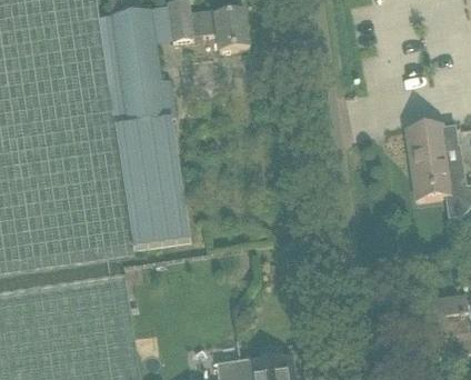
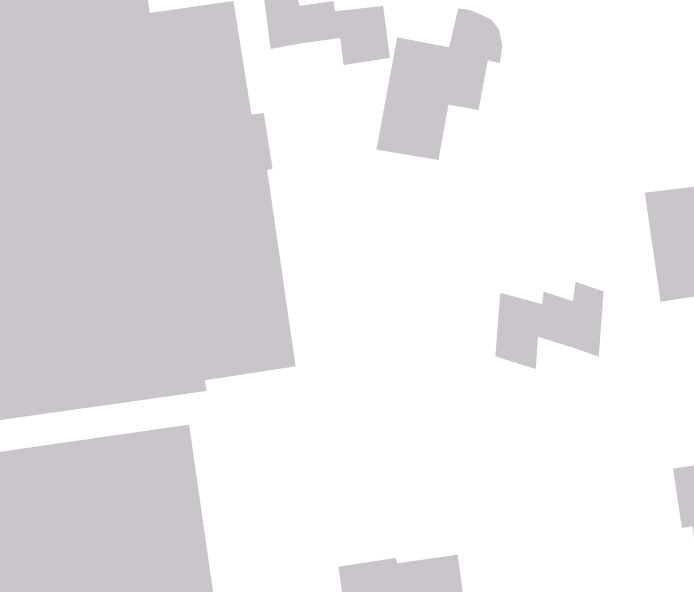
building: none -> [376,8,503,161]
building: none -> [494,281,604,370]

